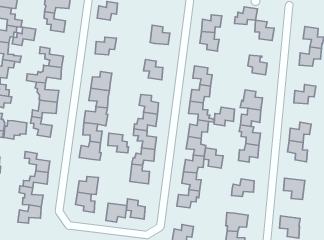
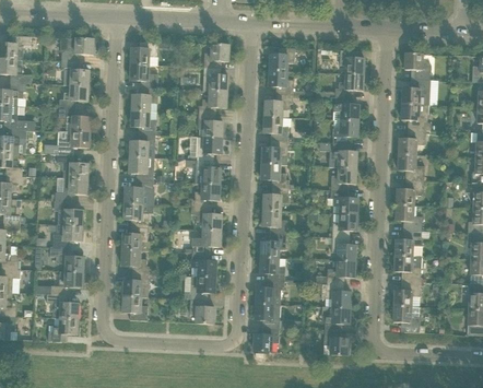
building: [235,7,257,24] -> [334,72,363,95]
building: none -> [203,43,228,67]
building: none -> [129,62,157,86]
building: [12,27,36,45] -> [58,83,87,107]
building: none -> [198,90,226,113]
building: none -> [263,92,292,116]
building: none -> [130,109,155,133]
building: none -> [400,103,431,129]
building: none -> [196,136,222,158]
building: none -> [397,153,424,179]
building: [214,107,234,126] -> [332,118,357,142]
building: [4,120,27,139] -> [52,223,81,247]
building: [108,133,128,153] -> [121,248,149,272]
building: [204,148,223,168] -> [330,235,355,260]
building: none -> [393,228,422,255]
building: none -> [320,282,350,306]
building: none -> [392,280,420,305]
building: [106,203,127,222] -> [189,274,215,298]
building: none -> [254,302,280,327]

